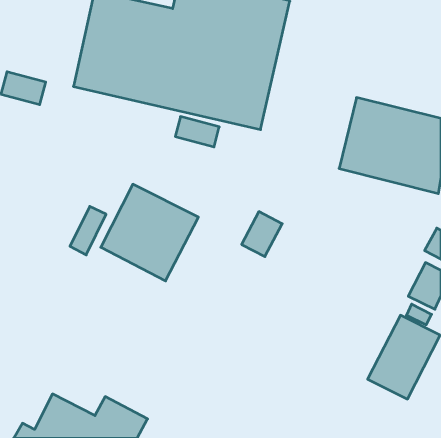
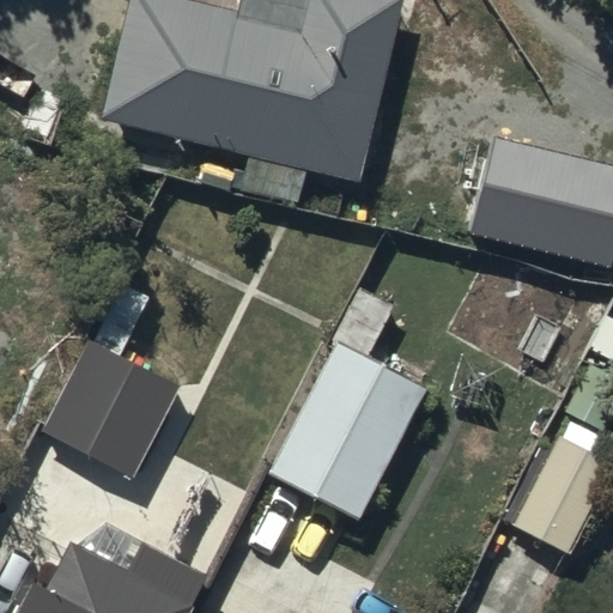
building: [101,184,198,281] -> [43,344,178,478]
building: none -> [271,345,424,520]

